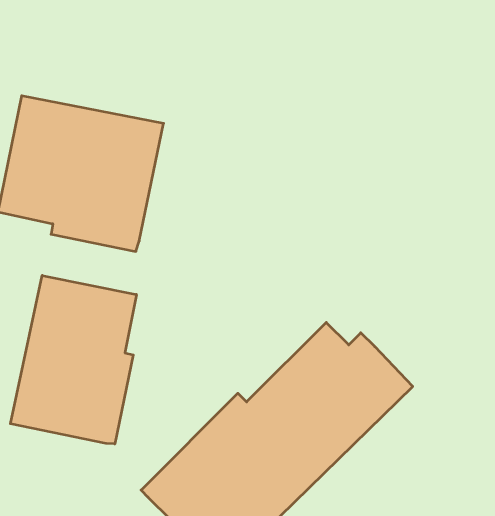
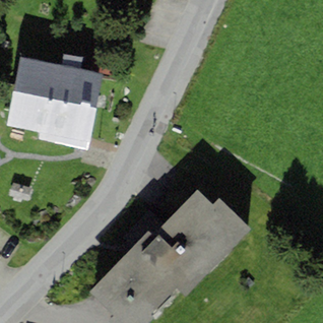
building: [10,275,136,444] -> none

